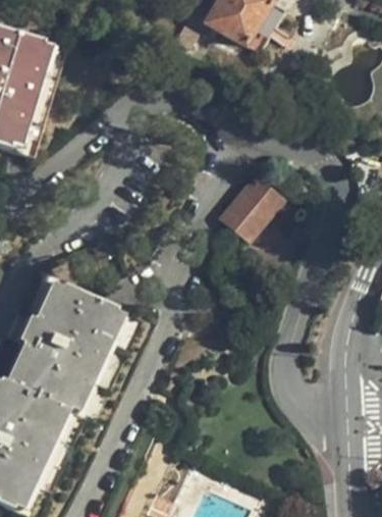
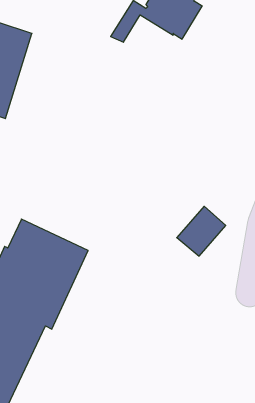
building: [220,177,282,241] -> [177,206,226,256]

